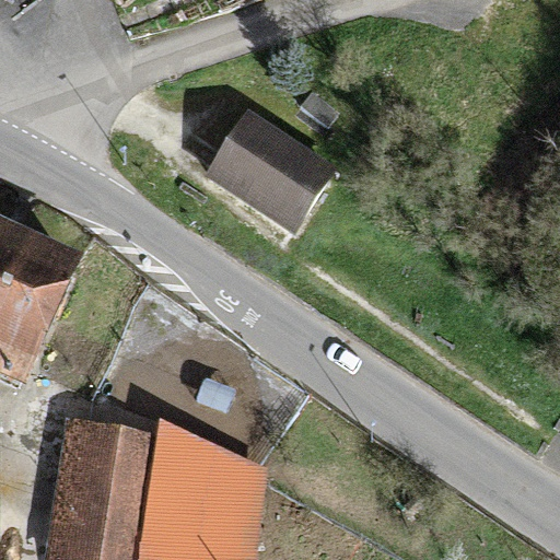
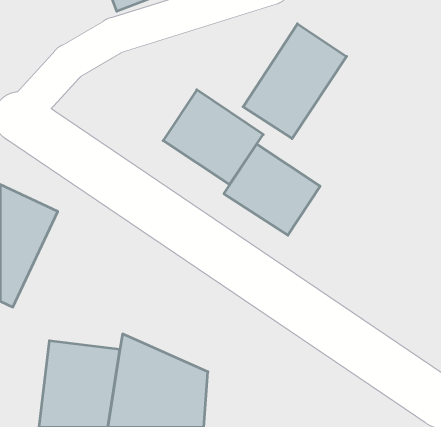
building: none -> [243,24,347,139]
building: none -> [224,144,320,235]

